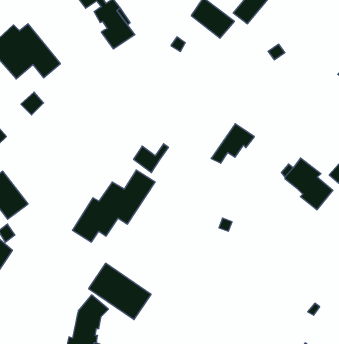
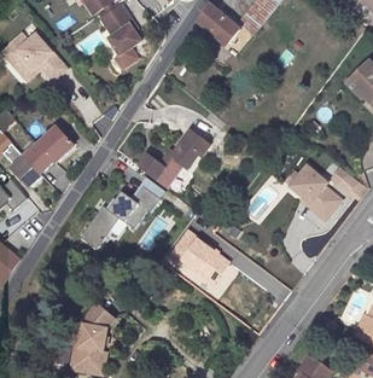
building: none -> [12,126,75,186]
building: [211,124,254,163] -> [168,132,211,171]
building: [89,263,151,320] -> [169,229,232,286]

